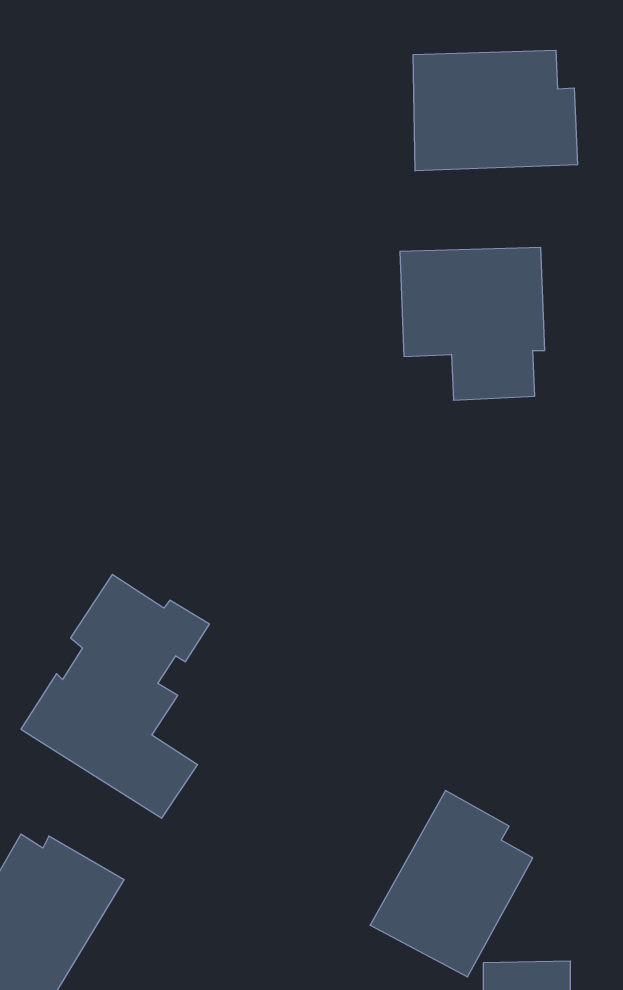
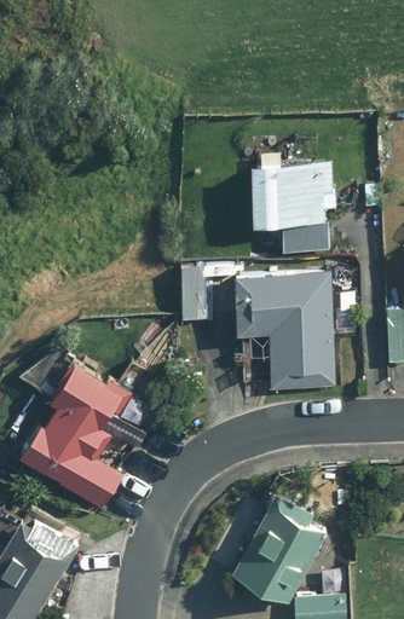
building: [413,50,577,171] -> none
building: none -> [180,266,335,393]

